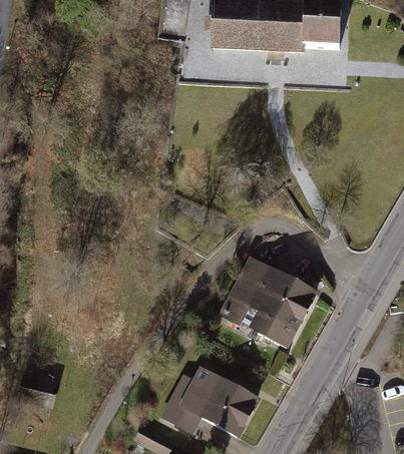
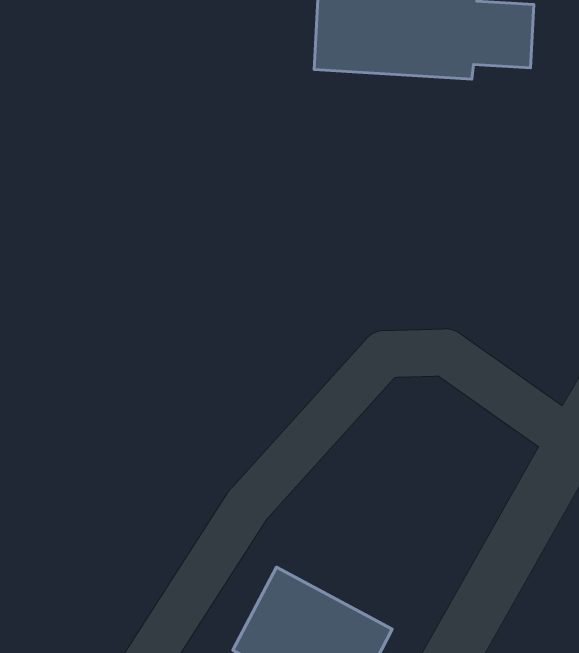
building: [222,258,316,346] -> none

